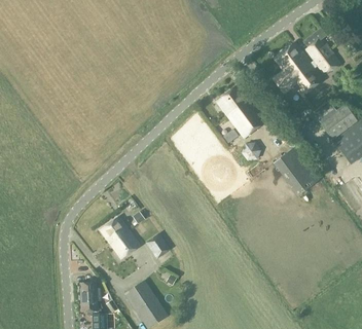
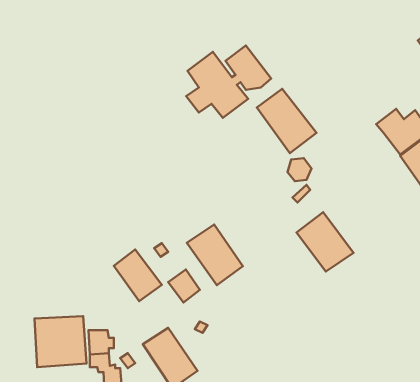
building: [274,37,342,96] -> [186,46,271,118]
building: [274,147,320,195] -> [297,212,354,272]
building: none -> [187,224,243,285]
building: none -> [35,316,87,367]

